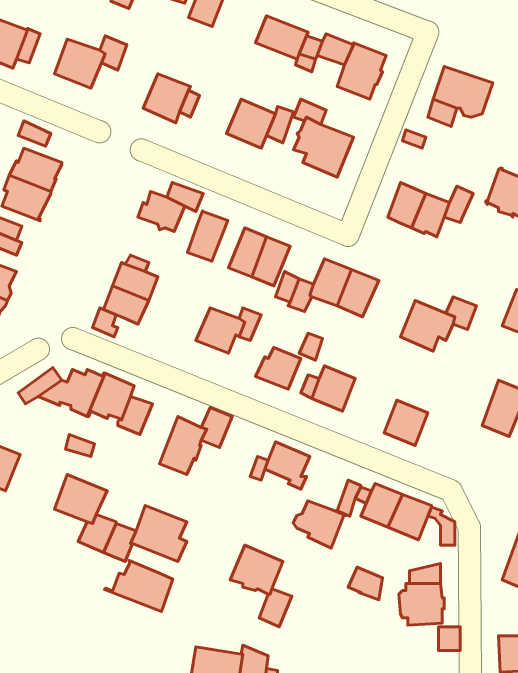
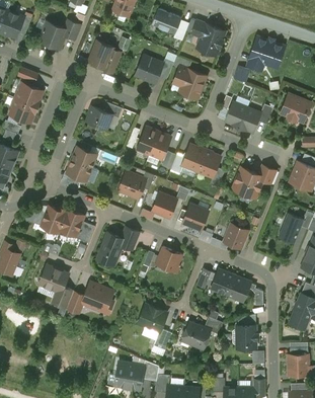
building: [188,211,228,261] -> none
building: [293,501,346,548] -> [180,323,210,349]
building: [104,561,173,612] -> none

